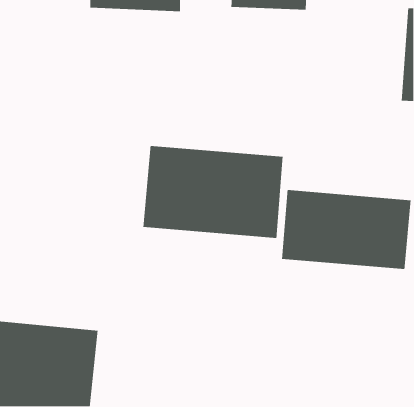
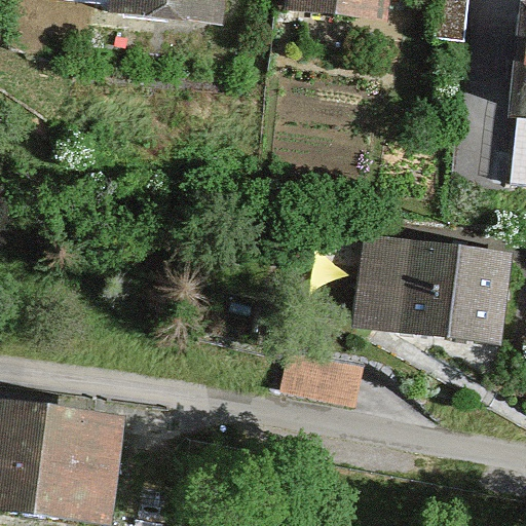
building: [142,145,283,239] -> none

